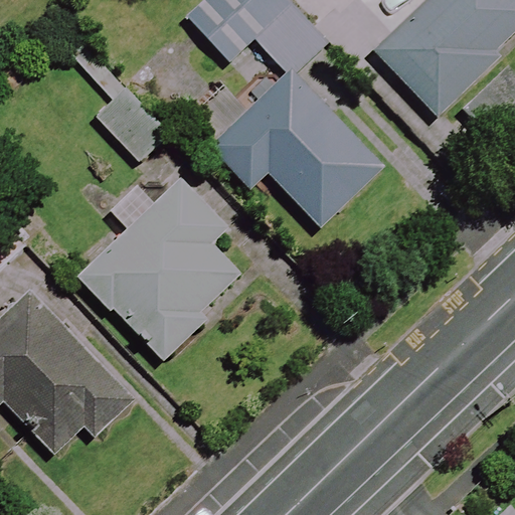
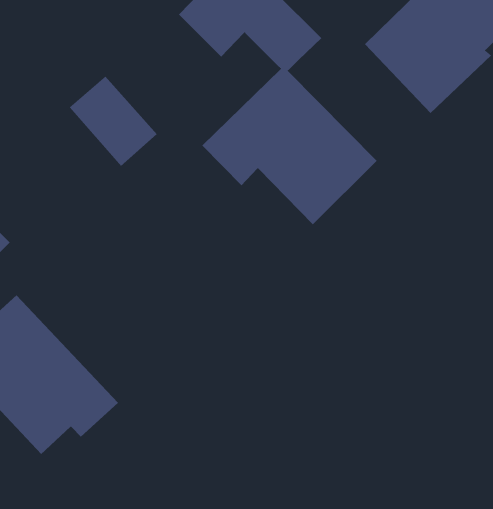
building: [80,177,240,359] -> none

